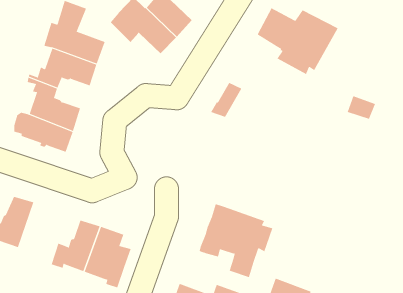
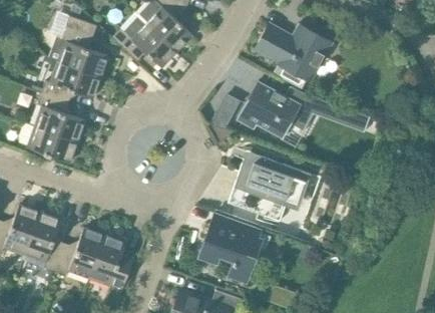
building: none -> [238,81,321,137]
building: none -> [235,152,311,221]
building: none -> [24,211,62,271]

